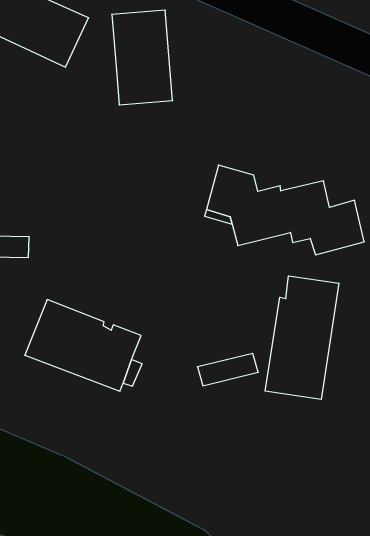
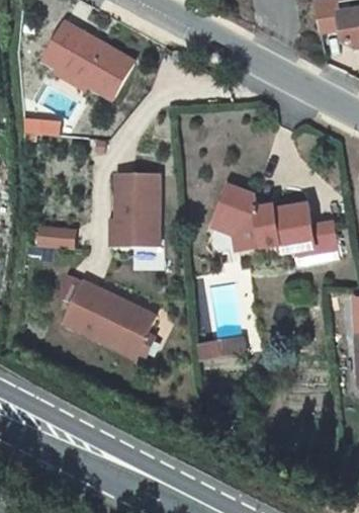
building: [112,10,173,105] -> [115,172,158,244]
building: [265,276,339,399] -> none

